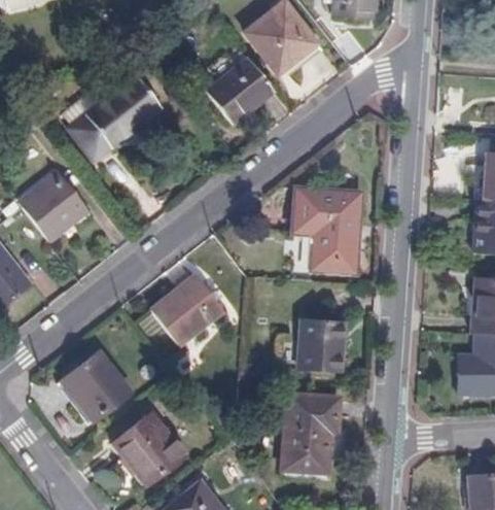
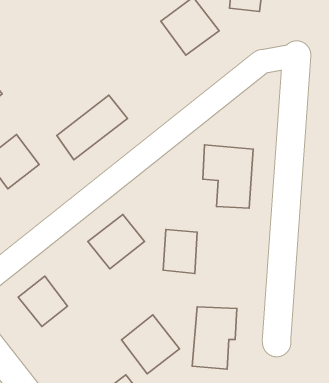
building: [209,59,273,120] -> none
building: [73,76,163,159] -> [57,95,127,160]
building: [300,315,344,371] -> [163,230,197,273]
building: [109,409,183,484] -> [121,315,180,374]

